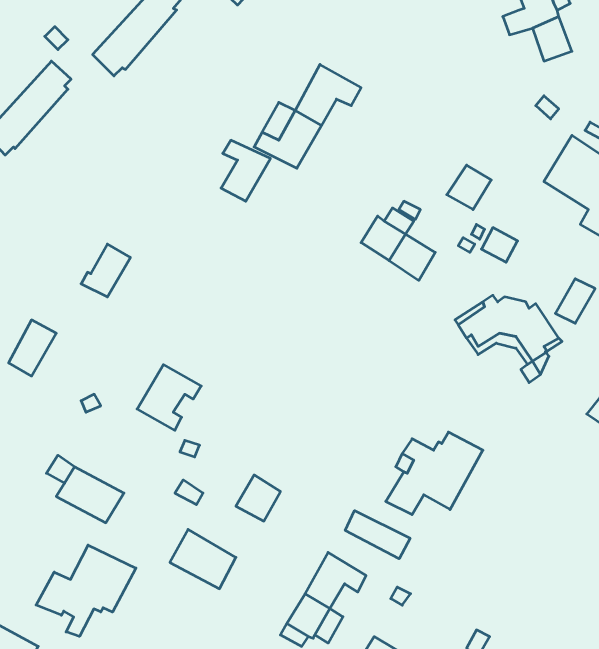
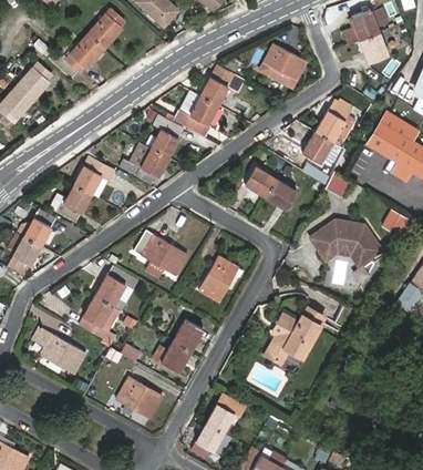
building: none -> [260,44,306,88]
building: none -> [317,101,353,143]
building: none -> [121,149,168,185]
building: none -> [75,160,114,195]
building: none -> [24,211,55,246]
building: none -> [135,232,188,276]
building: none -> [200,257,238,302]
building: none -> [80,297,121,339]
building: none -> [174,320,204,352]
building: [345,511,410,559] -> none
building: [36,545,136,636] -> none

